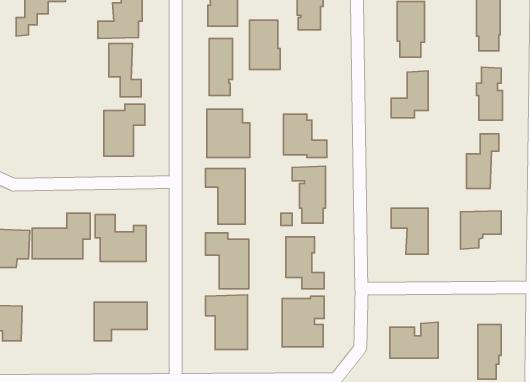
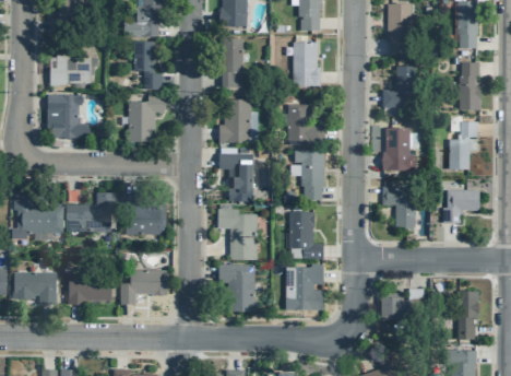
building: [249,20,280,70] -> [293,42,320,85]
building: none -> [49,45,92,85]
building: none -> [46,93,90,138]
building: none -> [383,128,416,171]
building: none -> [68,272,111,305]

